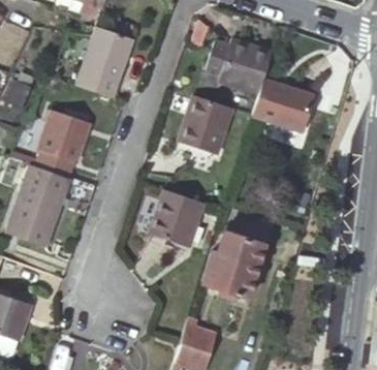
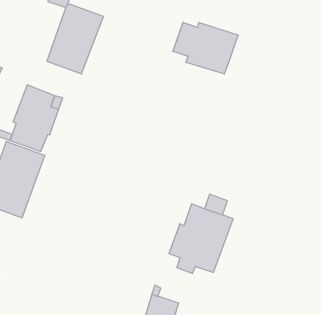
building: [255,83,315,130] -> none
building: [181,95,232,154] -> none
building: [153,188,203,245] -> none

